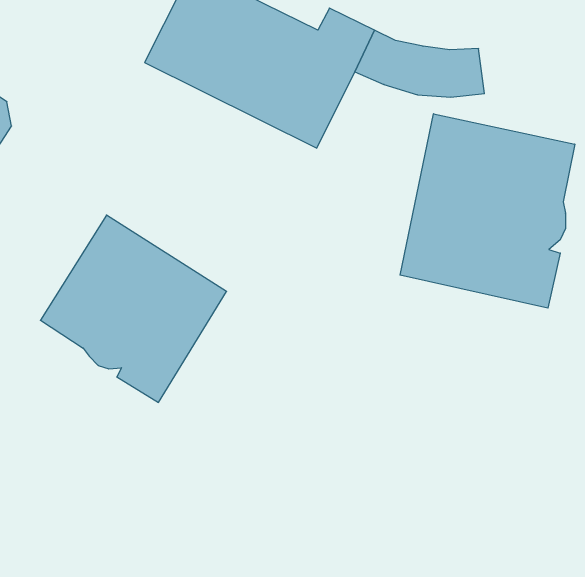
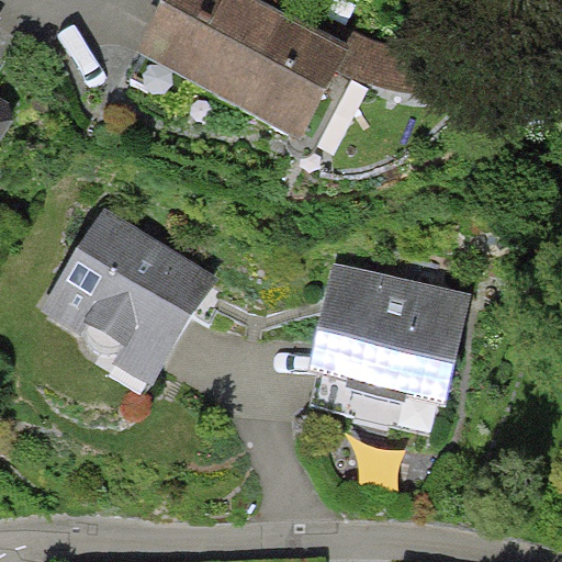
building: [400,114,575,308] -> none
building: none -> [307,263,470,426]

